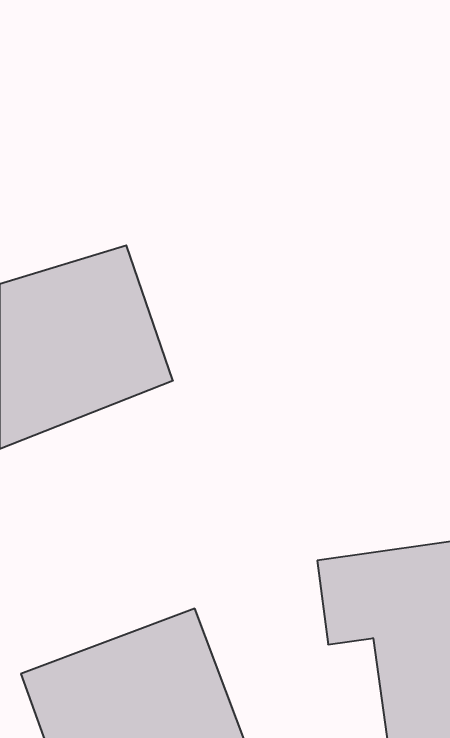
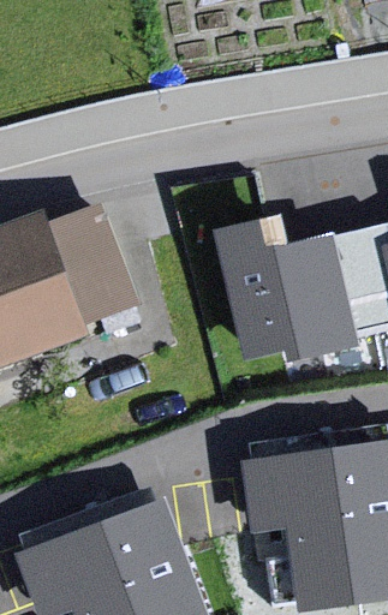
building: none -> [223,217,345,357]

